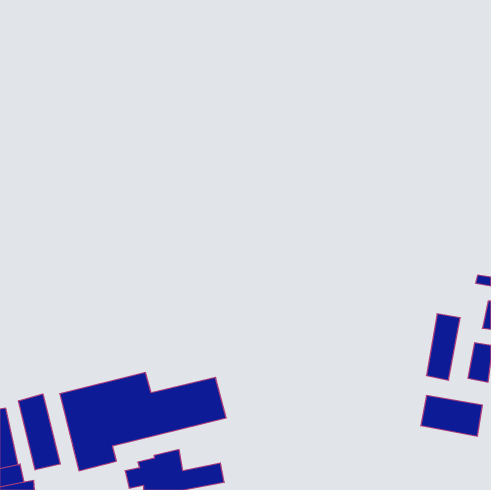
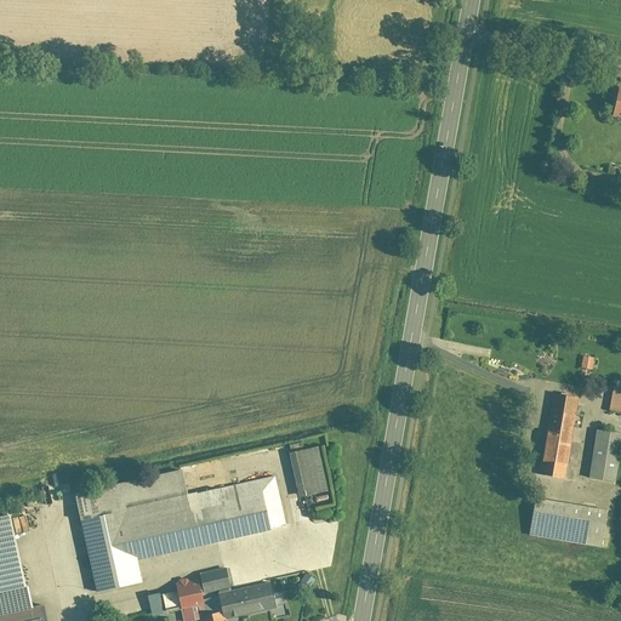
building: none -> [291,450,330,498]
building: [19,394,60,470] -> none

